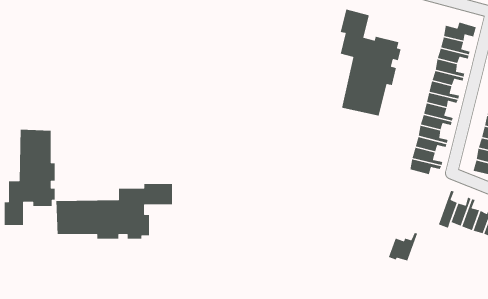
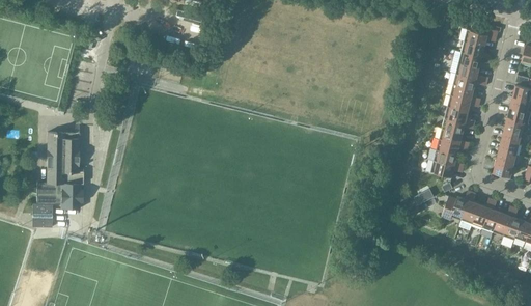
building: [340,9,402,117] -> none
building: [56,183,173,240] -> none
building: [388,232,418,262] -> [441,190,471,219]

